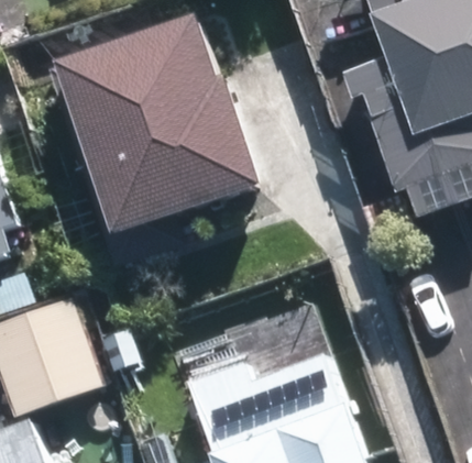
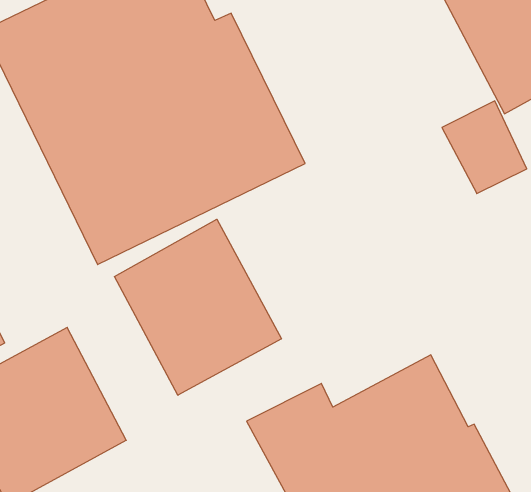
building: none -> [114,219,281,395]

